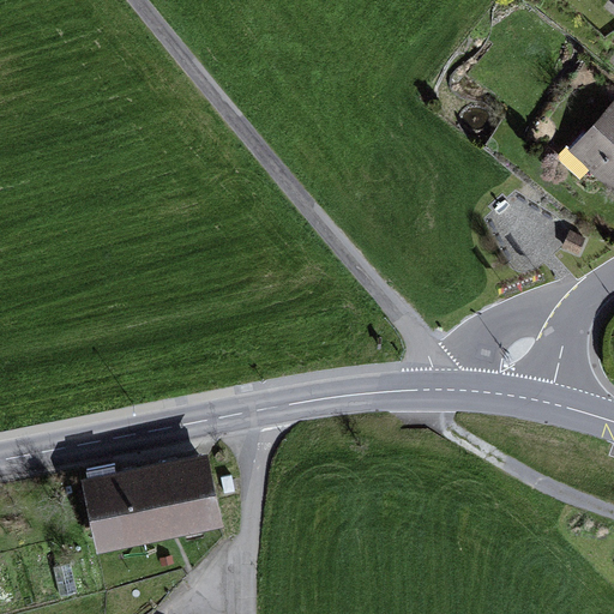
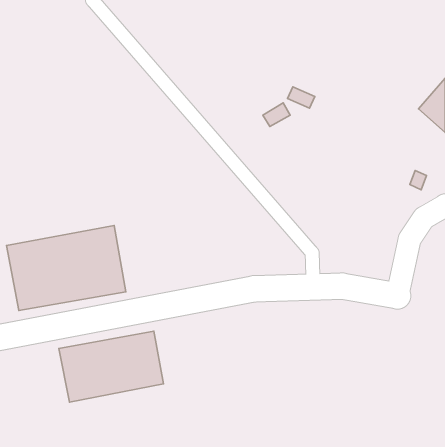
building: none -> [7,226,126,310]

